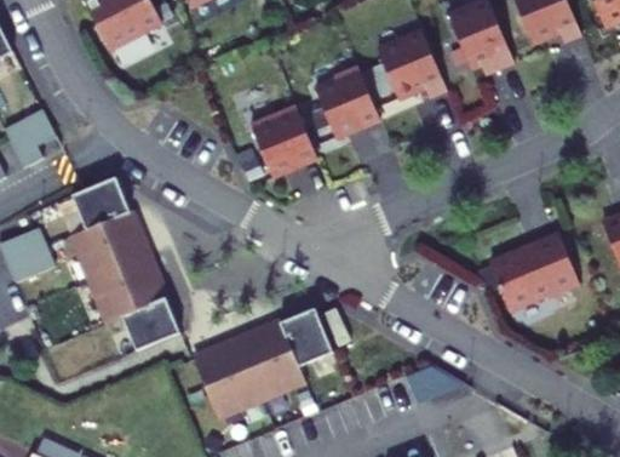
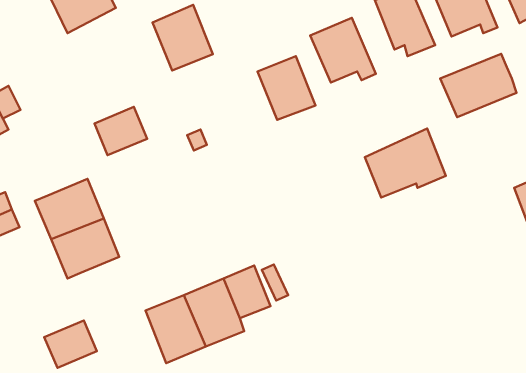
building: none -> [440,54,517,117]
building: [249,104,316,177] -> [152,5,213,71]
building: [71,177,130,230] -> [94,107,147,155]
building: [488,233,578,309] -> [365,129,446,198]
building: [121,298,179,350] -> [44,321,97,368]

